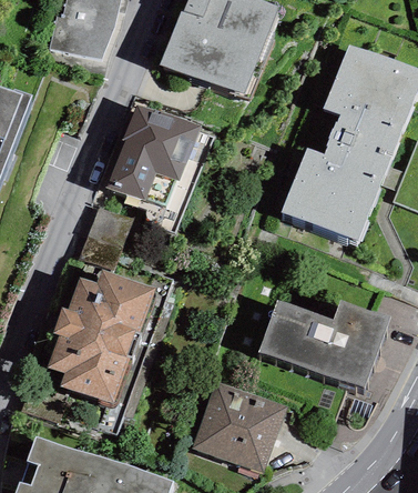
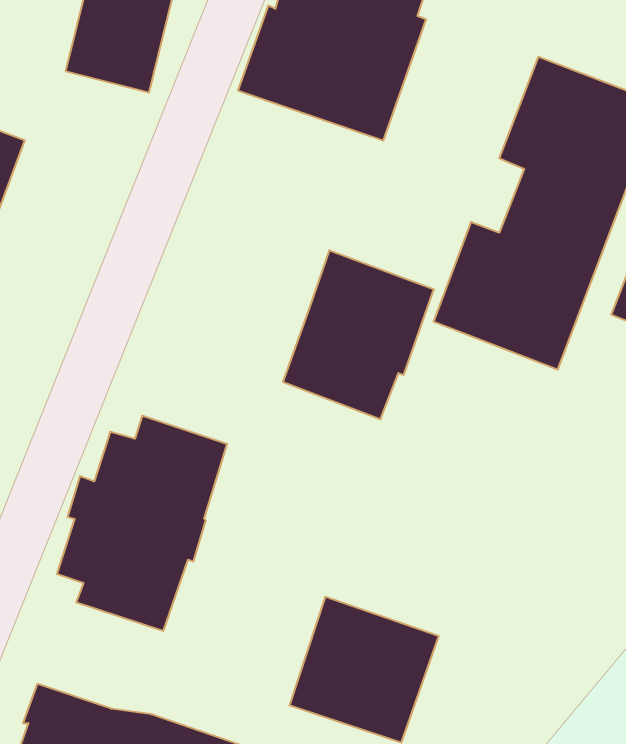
building: [106,103,201,209] -> [283,250,434,419]
building: [259,299,391,385] -> none

